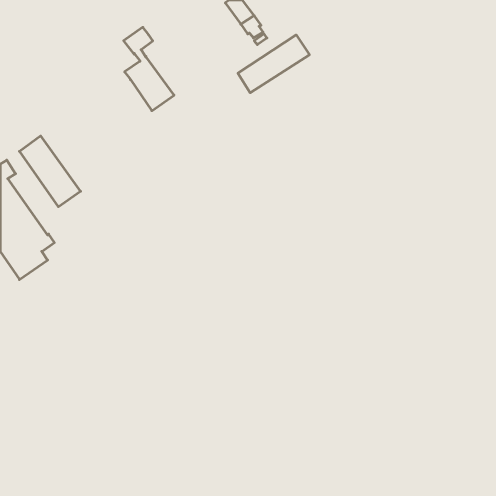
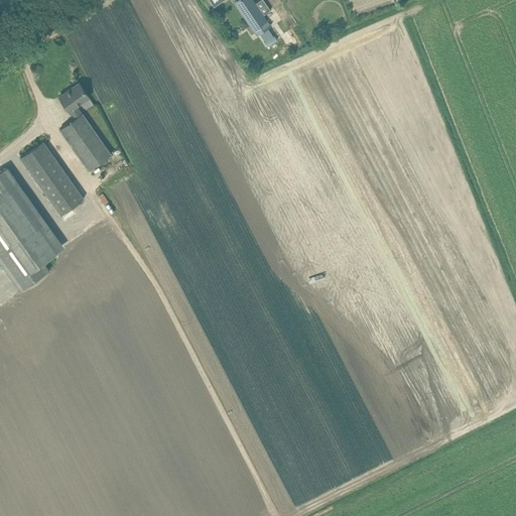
building: [124,27,174,111] -> [58,83,111,169]
building: [238,35,309,93] -> none

